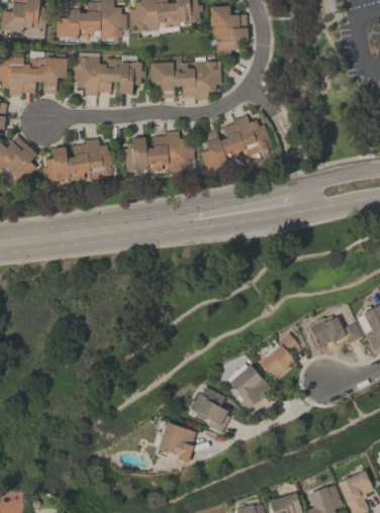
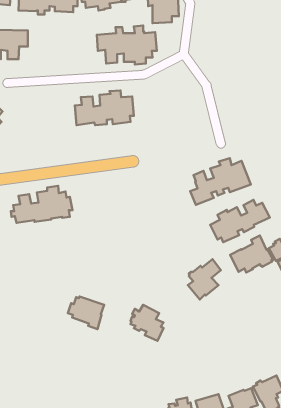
building: [72,56,146,95] -> none
building: [199,114,272,170] -> [190,158,251,205]
building: [41,137,115,182] -> [11,186,72,223]
building: none -> [210,200,270,242]
building: [226,364,272,410] -> none
building: [153,422,196,461] -> [68,296,104,329]

